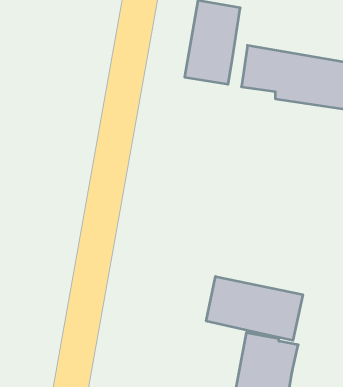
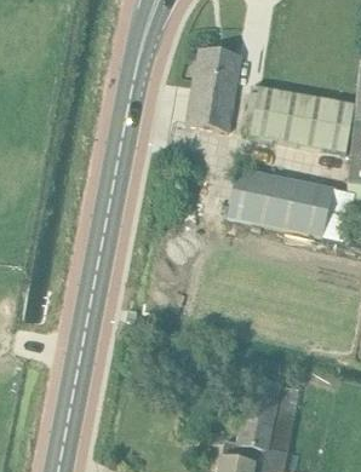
building: none -> [227,166,332,237]
building: [206,276,303,340] -> none

